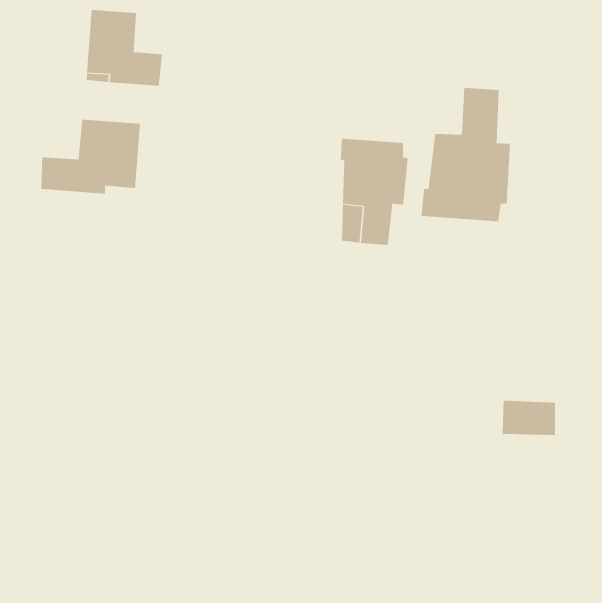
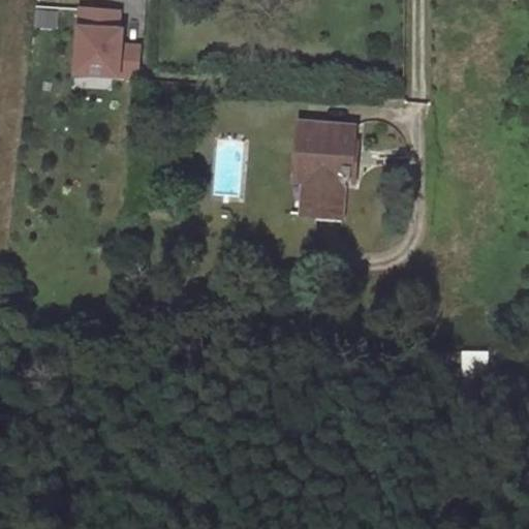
building: [421,87,510,222] -> none
building: [41,119,140,195] -> none

